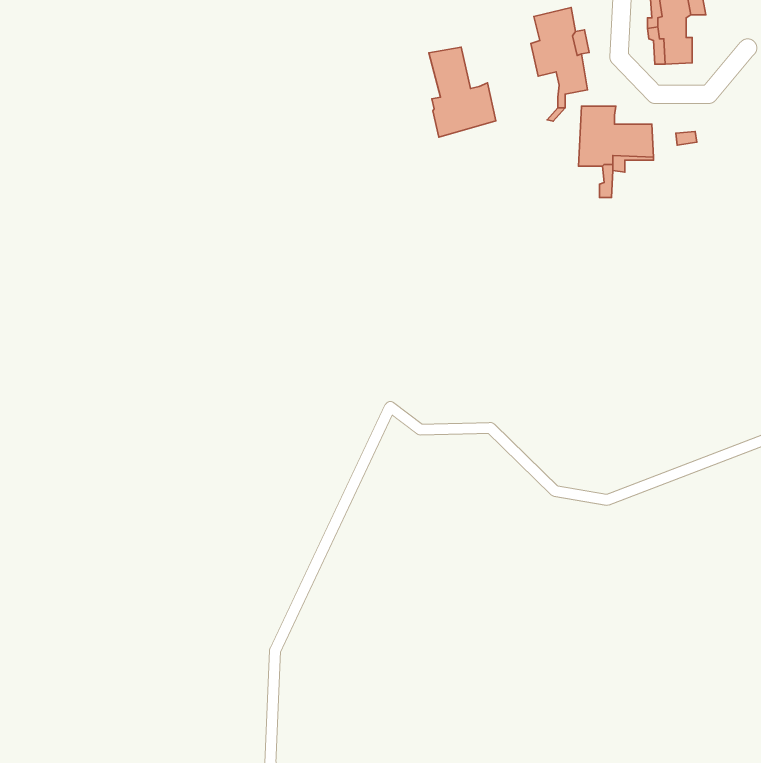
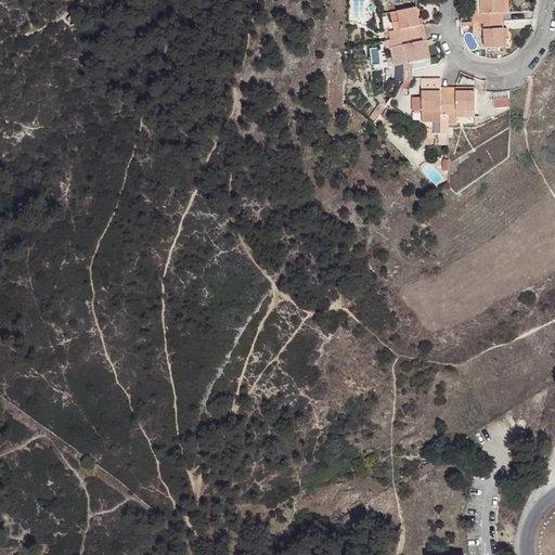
building: [429,47,496,137] -> none

